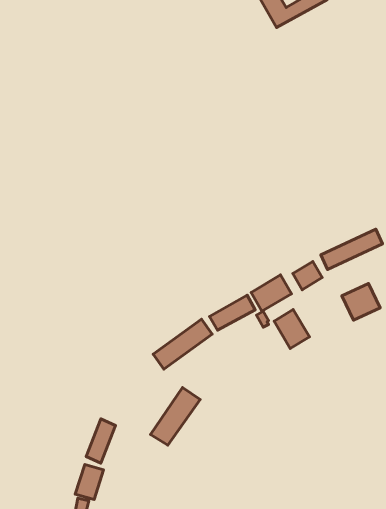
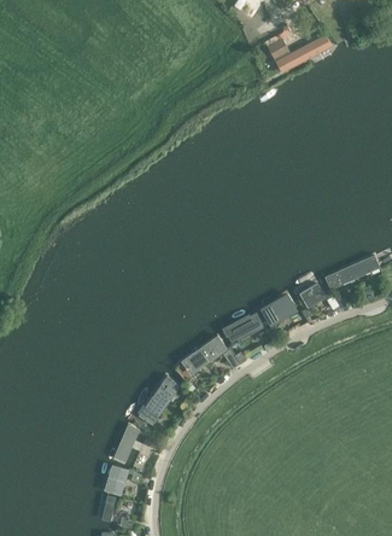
building: [342,283,380,320] -> none
building: [274,309,310,349] -> none
building: [150,387,200,445] -> [138,373,182,425]

